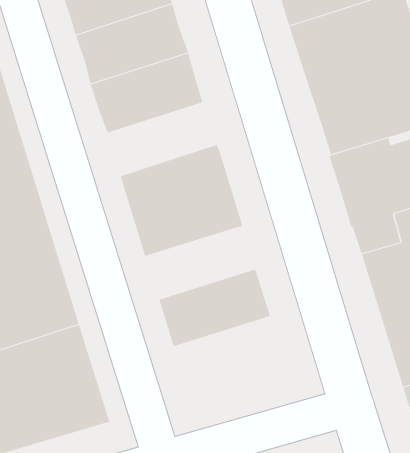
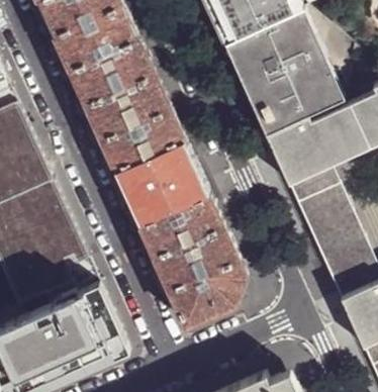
building: none -> [102,108,184,170]
building: none -> [140,195,223,257]
building: none -> [170,259,247,326]

